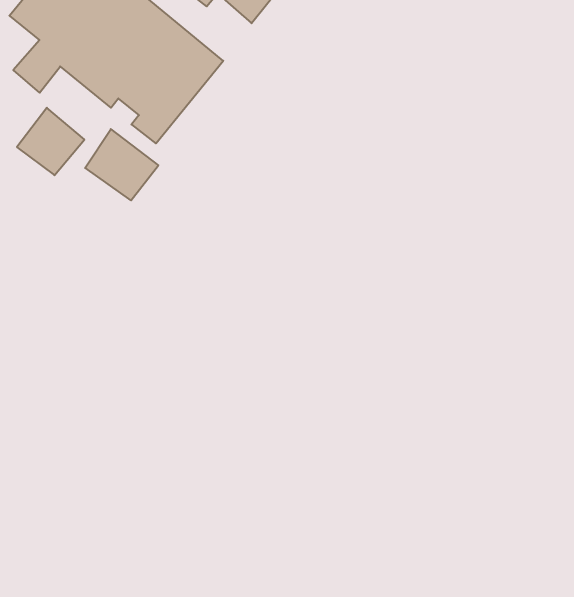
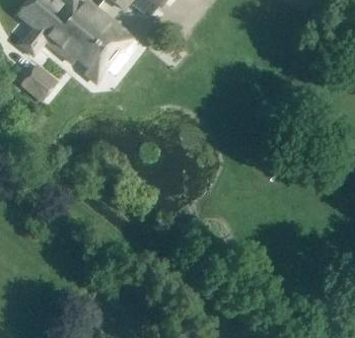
building: [85,129,158,200] -> none

